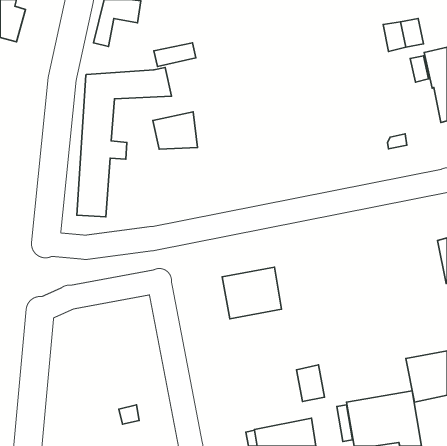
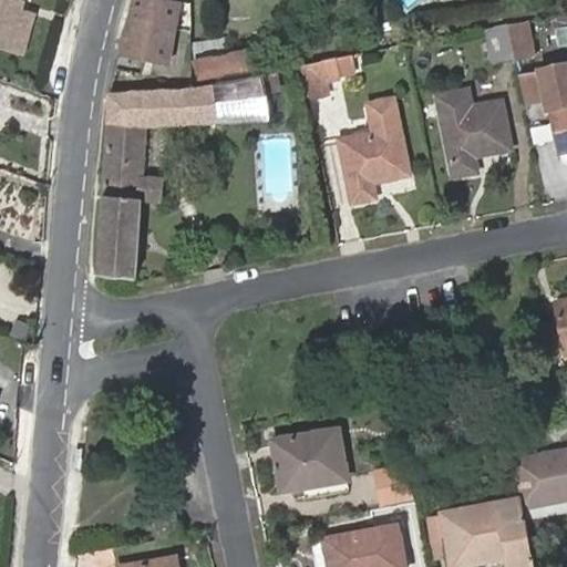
building: none -> [137,23,174,64]
building: none -> [301,53,359,100]
building: none -> [437,90,511,177]
building: none -> [338,94,415,204]
building: [153,112,198,149] -> [209,74,266,122]
building: [222,267,282,319] -> [270,430,346,495]

